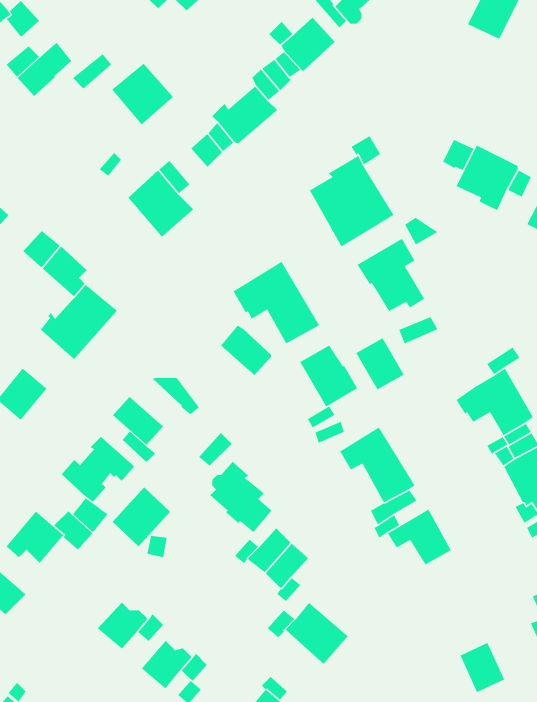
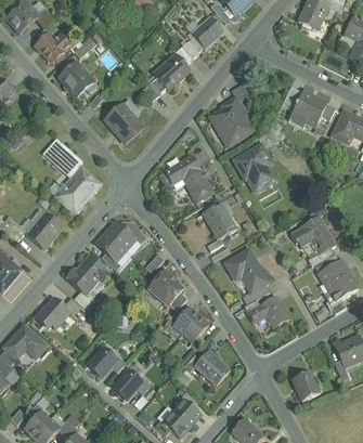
building: [111,63,174,126] -> [57,62,93,97]
building: [220,324,272,376] -> [105,221,134,250]
building: [355,337,405,391] -> none
building: [112,487,171,547] -> none

